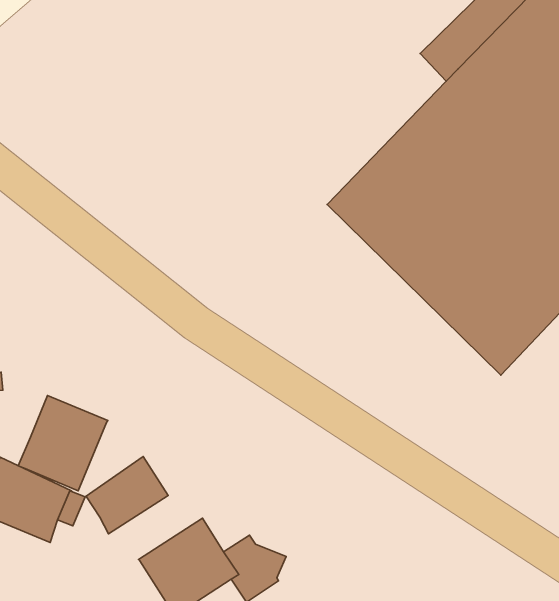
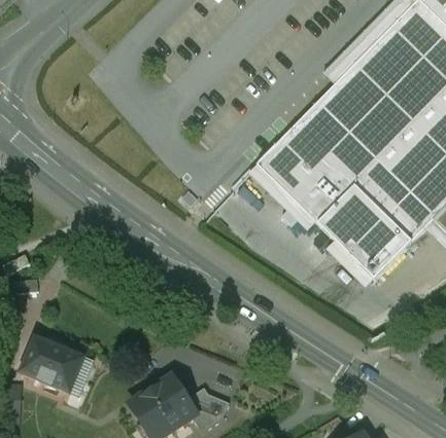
building: [18,395,108,491] -> none
building: [85,456,168,534] -> none

